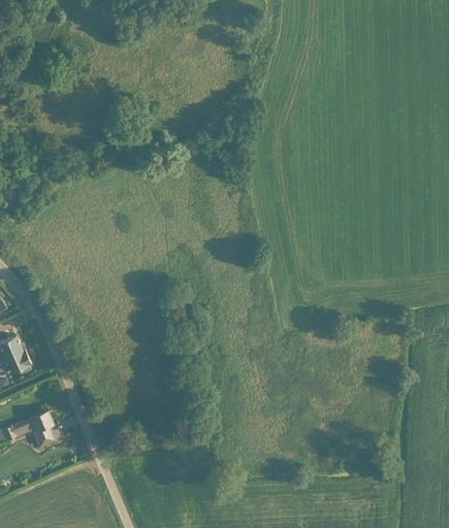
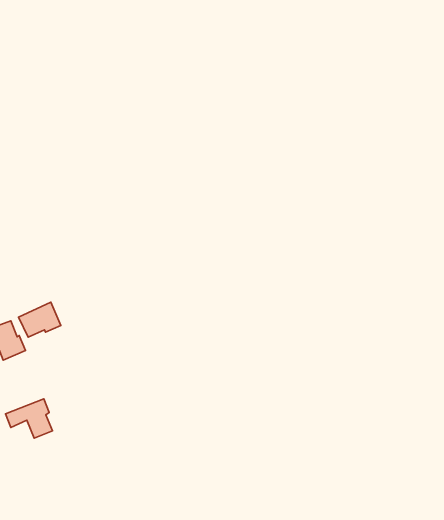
building: none -> [18,302,61,337]

